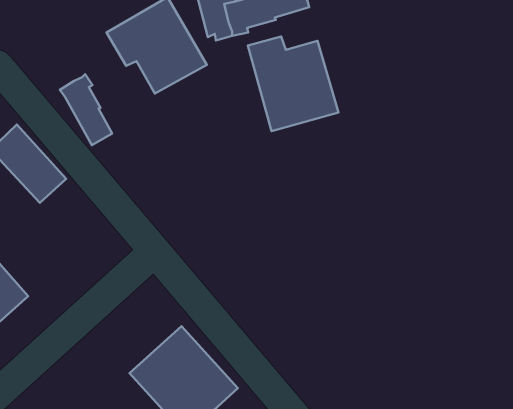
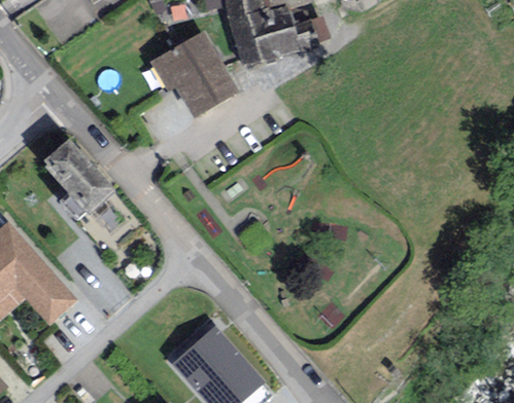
building: [248,36,339,131] -> none
building: [60,74,112,145] -> none

